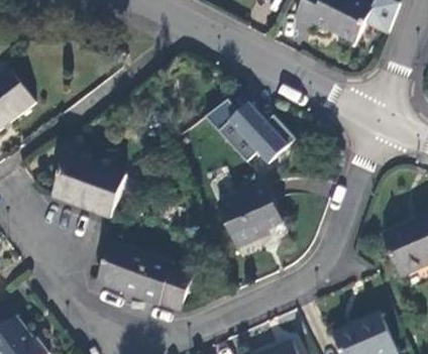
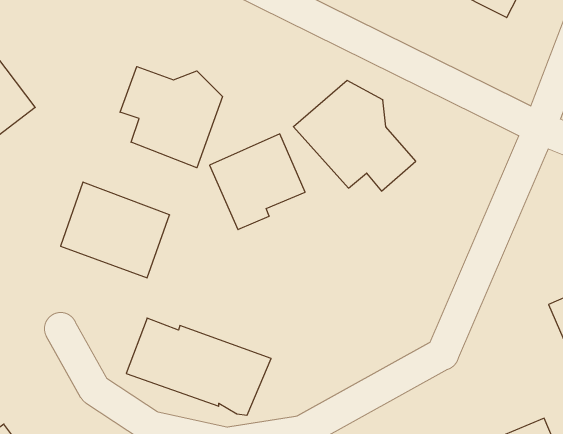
building: none -> [120,67,222,168]
building: [218,183,283,247] -> [210,134,305,230]

